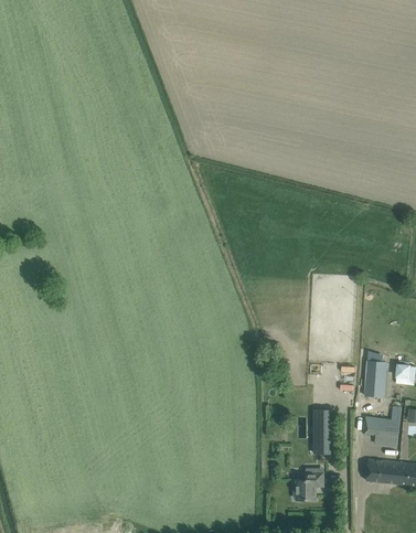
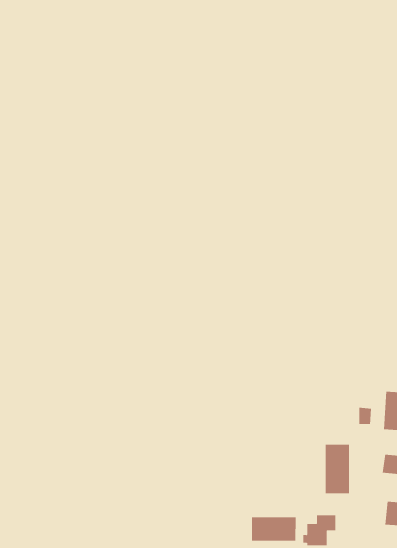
building: none -> [252,516,296,542]

